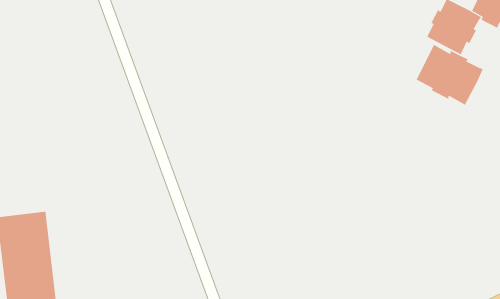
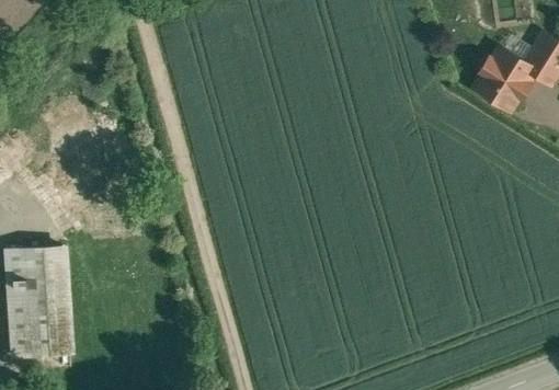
building: [416,44,484,105] -> none

